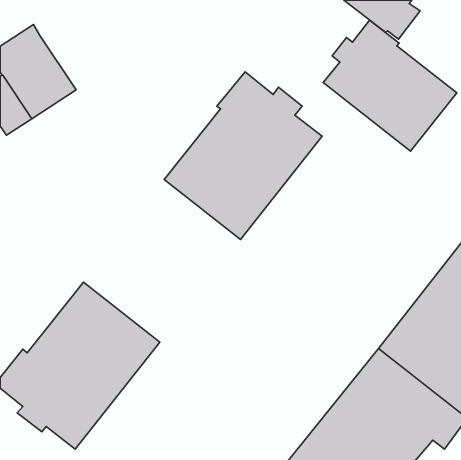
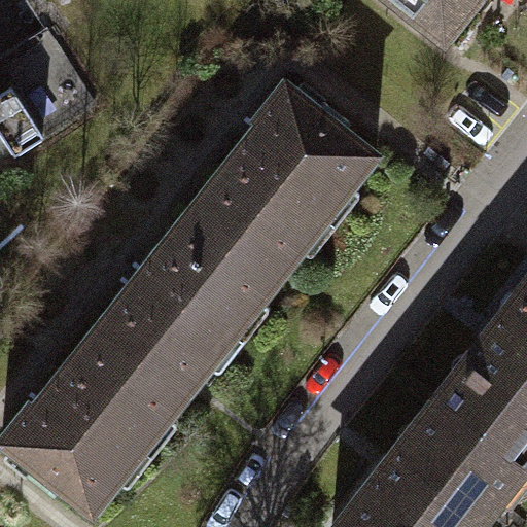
building: [323,20,457,151] -> none
building: none -> [98,208,276,392]

